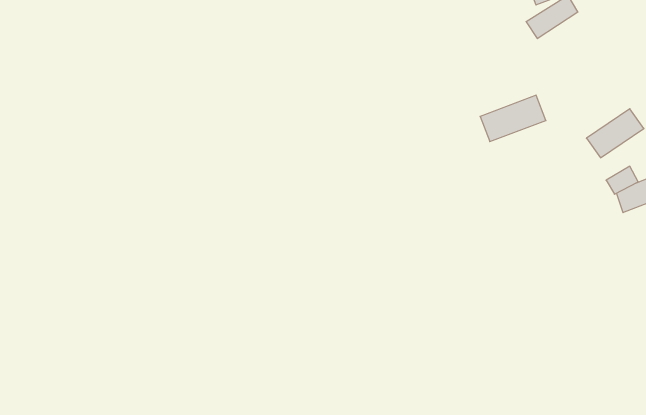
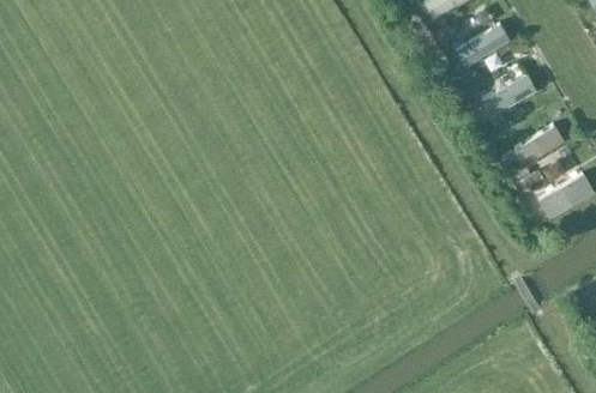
building: [480,95,546,142] -> [481,77,537,116]

